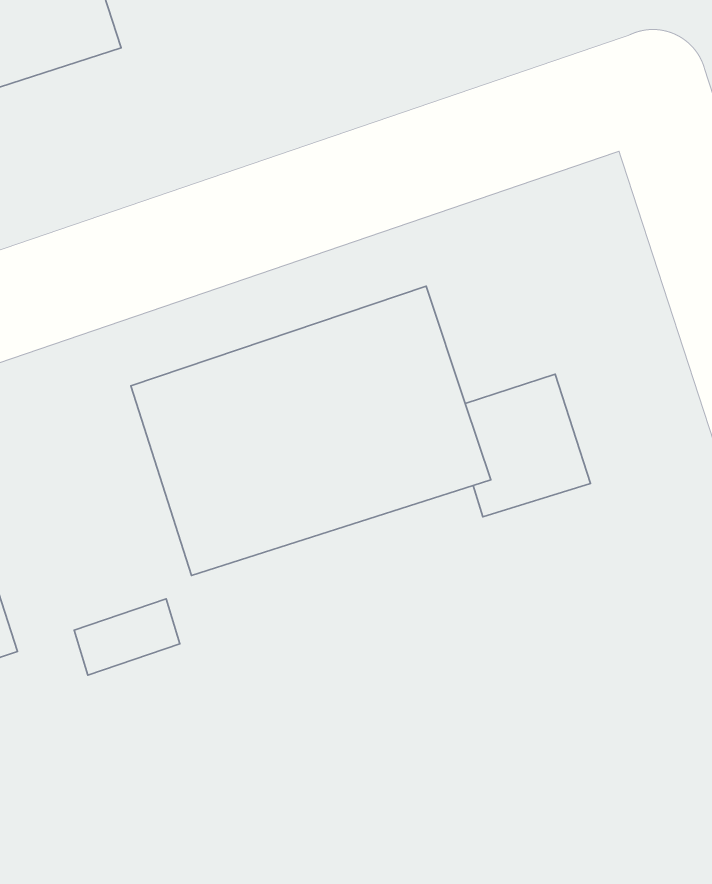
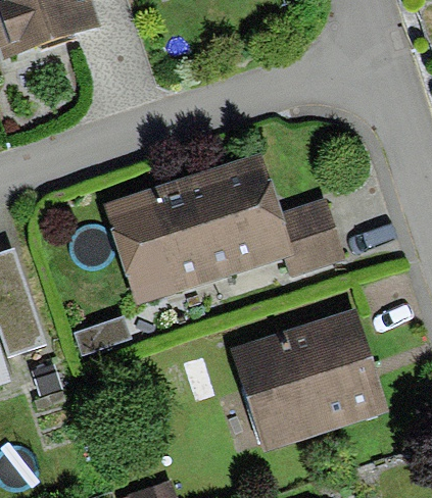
building: none -> [230,309,385,445]

